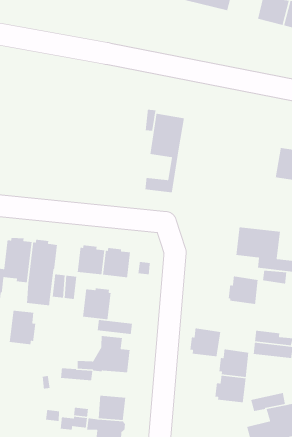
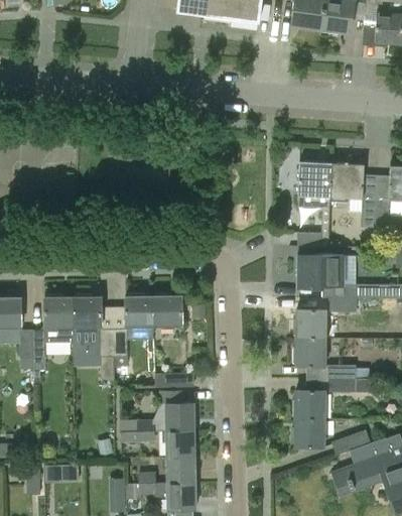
building: [144,113,185,193] -> [297,161,332,247]
building: [82,288,111,320] -> none
building: [9,310,36,345] -> none
building: [189,328,221,357] -> [293,338,325,367]
building: none -> [166,429,195,457]

